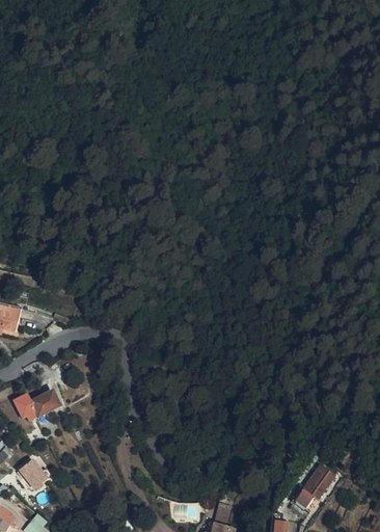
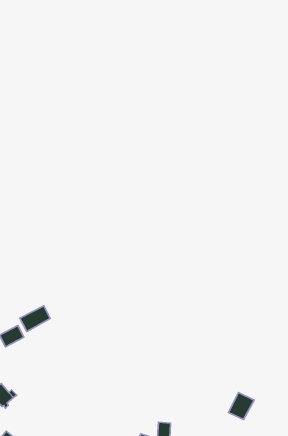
building: none -> [20,306,50,332]

